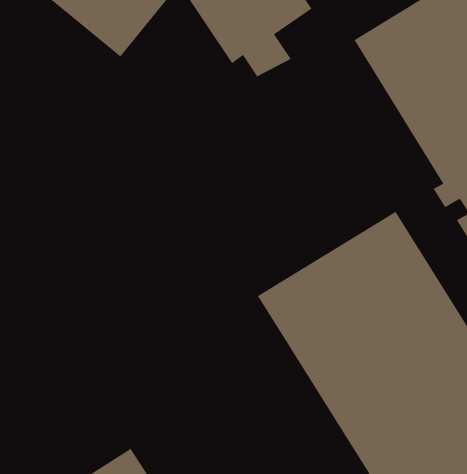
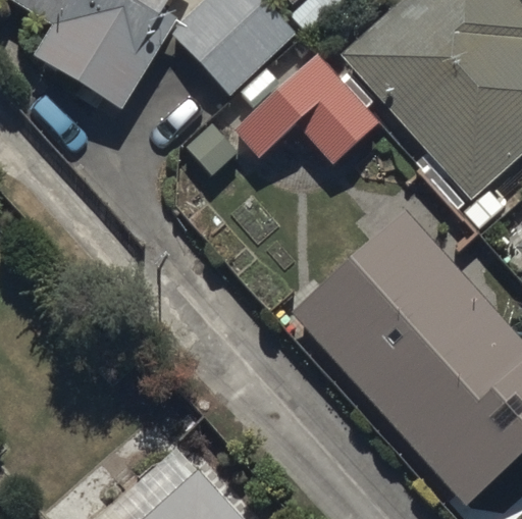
building: none -> [185,51,381,174]

